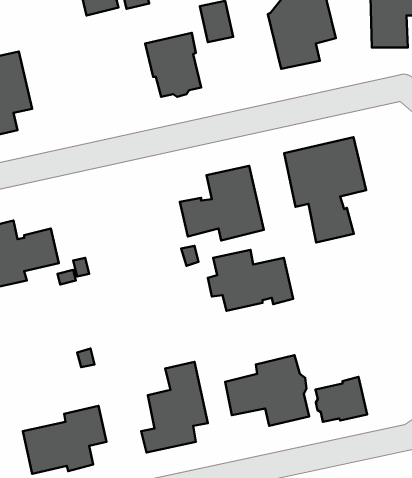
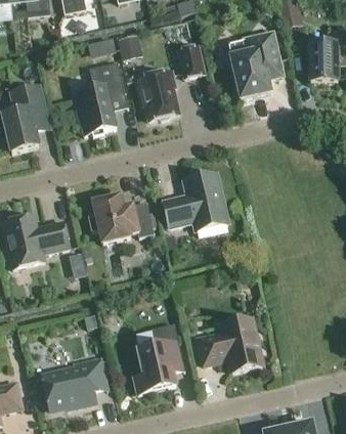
building: none -> [74,61,125,136]
building: [284,137,366,243] -> none
building: [208,250,293,311] -> [88,194,154,242]
building: [316,377,367,422] -> none

